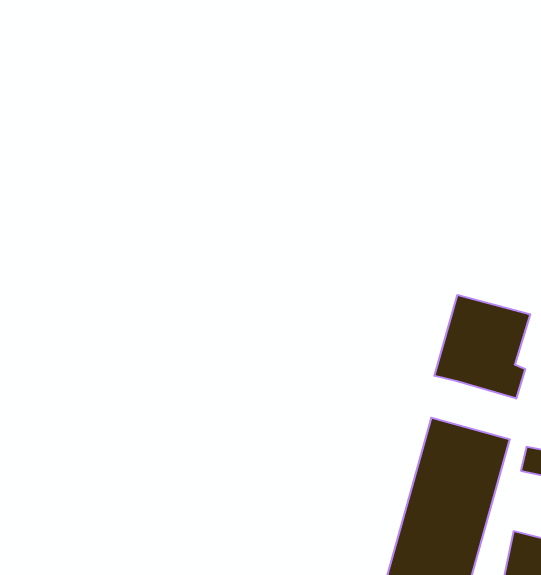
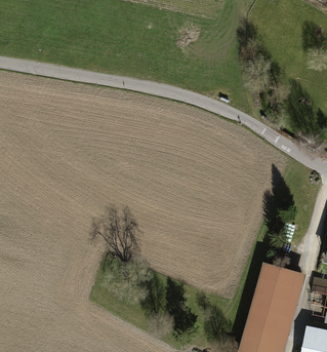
building: [434,295,530,399] -> none

